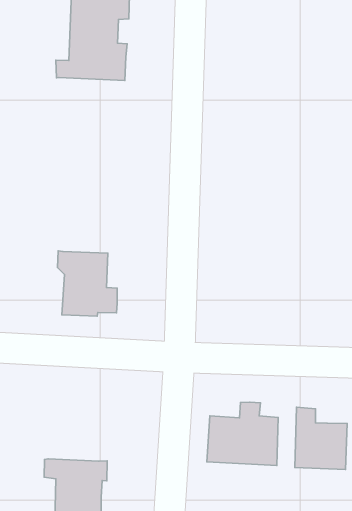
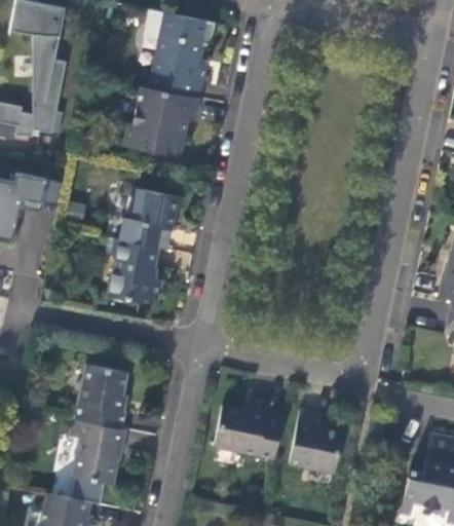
building: none -> [122,86,197,154]
building: none -> [118,189,176,249]
building: none -> [75,365,126,428]

